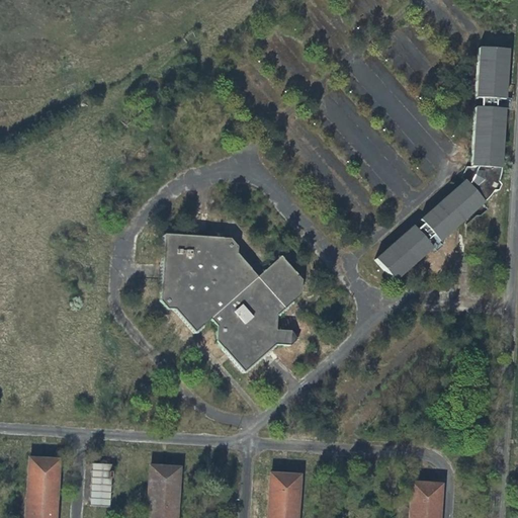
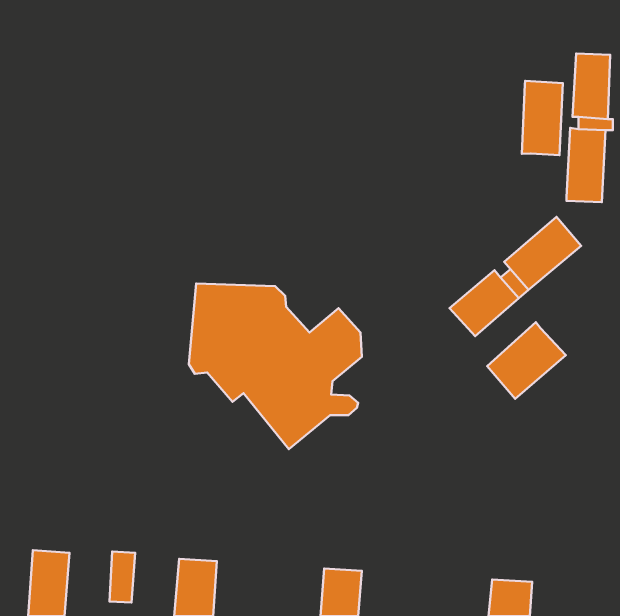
building: none -> [522,81,563,155]
building: [462,164,502,204] -> none
building: none -> [487,322,566,399]

